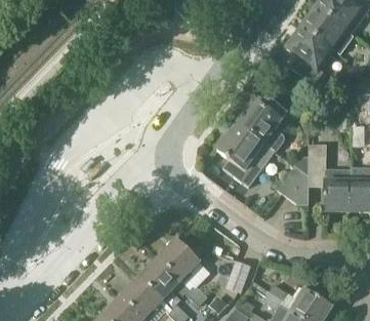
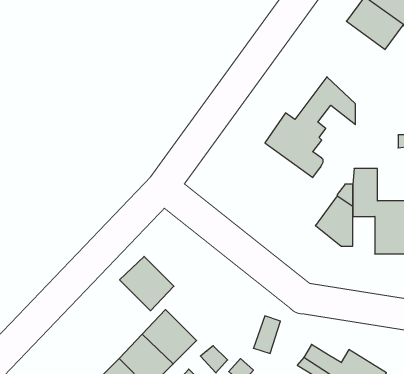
building: [286,27,332,84] -> none
building: [217,123,275,187] -> none
building: [158,237,201,280] -> [120,256,174,311]

